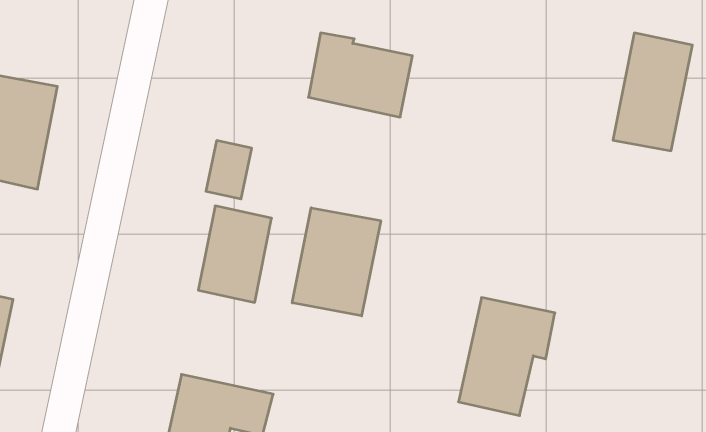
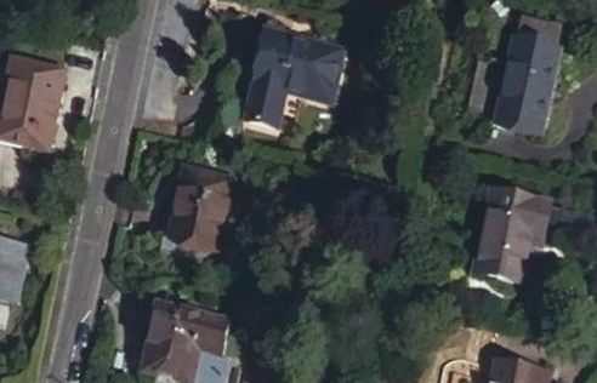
building: [206,141,252,199] -> [246,82,283,128]
building: [292,208,381,316] -> none
building: [458,298,555,416] -> [477,184,553,278]

